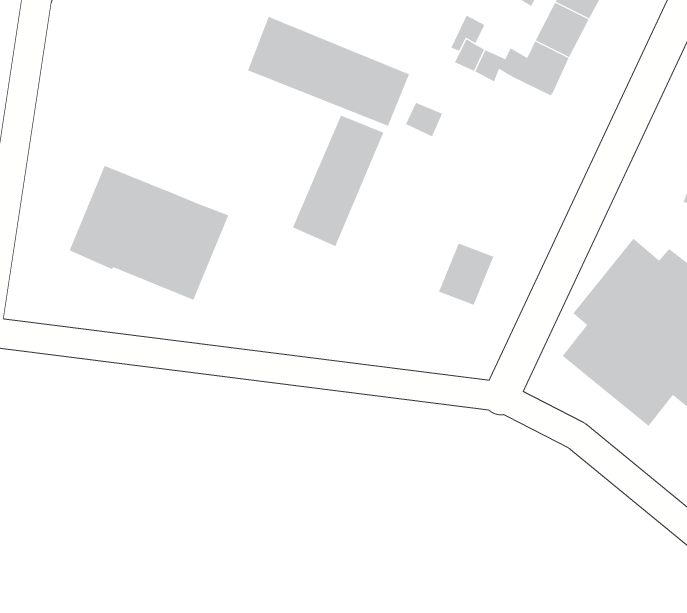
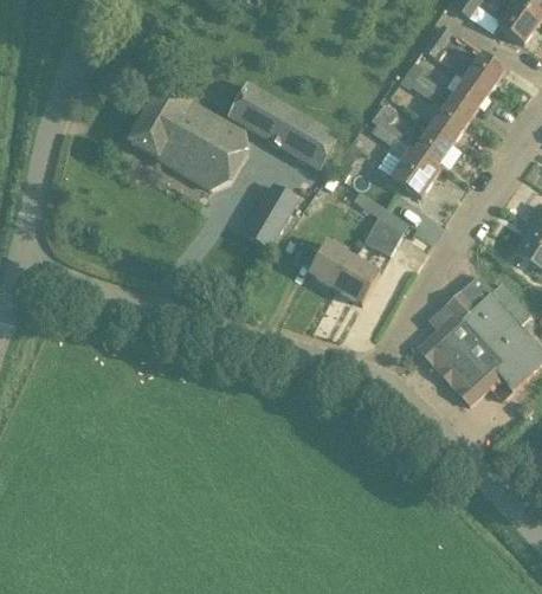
building: none -> [389,149,439,198]
building: none -> [353,191,408,256]
building: [69,165,229,301] -> [128,85,243,188]
building: none -> [309,243,356,291]

